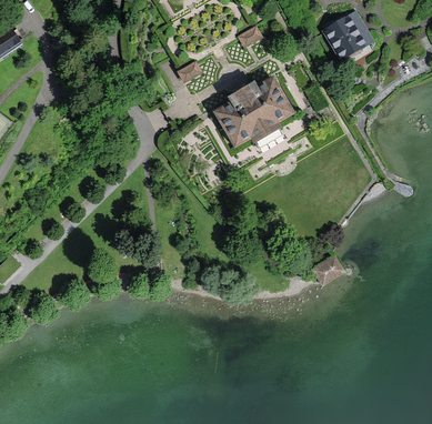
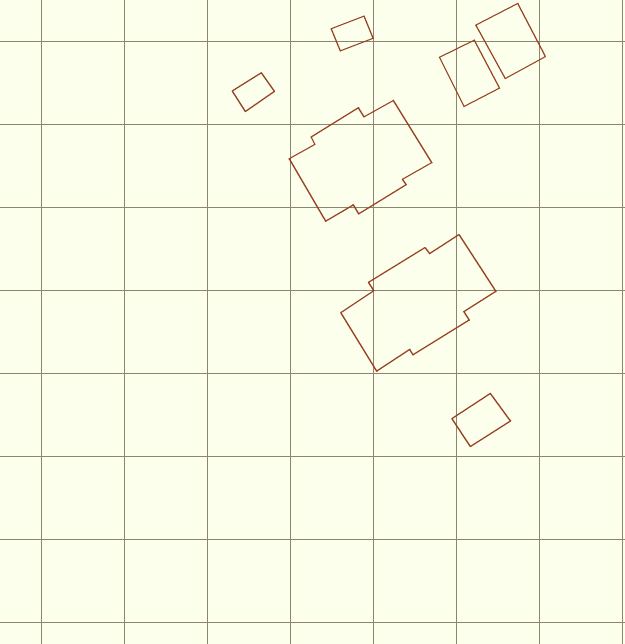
building: none -> [440,40,499,107]
building: none -> [341,235,496,371]

